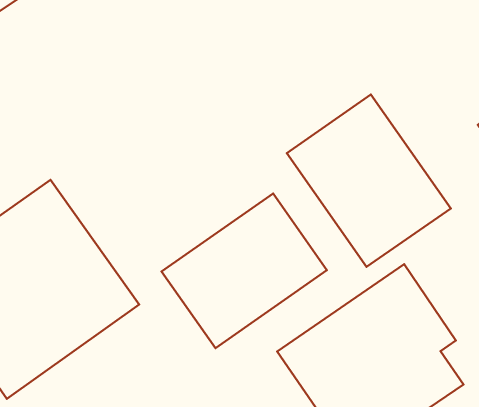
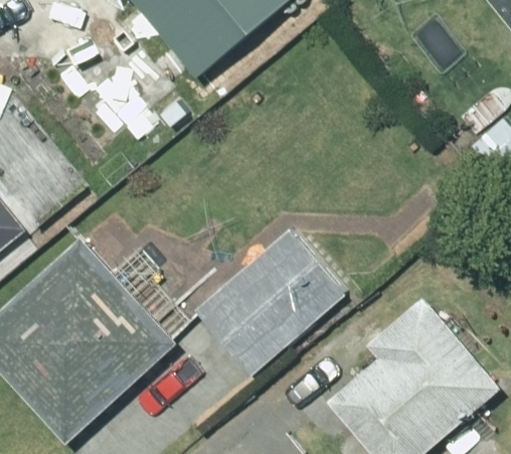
building: [287,94,451,267] -> none

